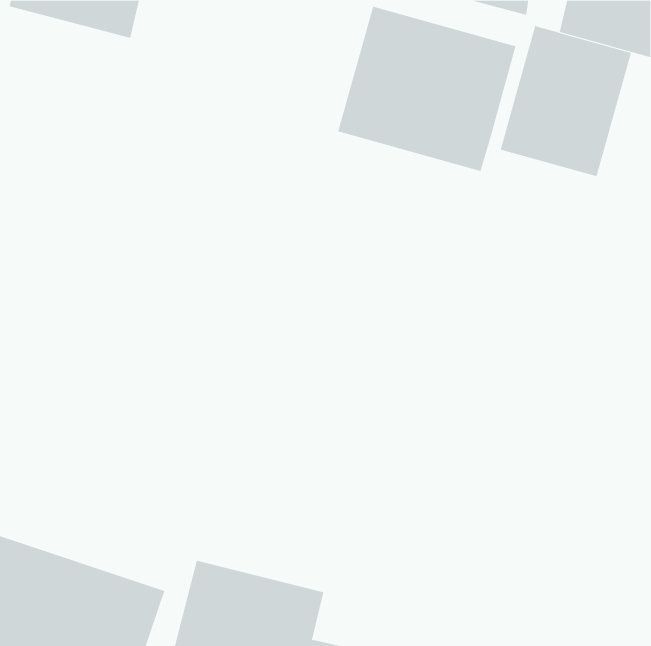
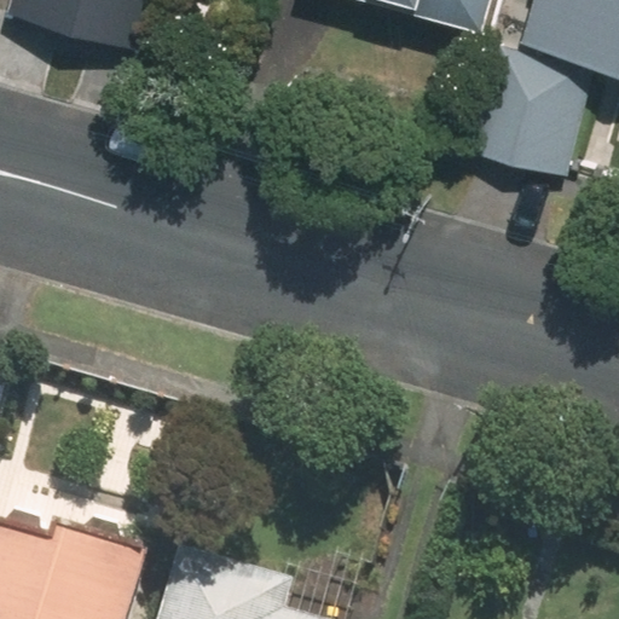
building: [338,6,516,172] -> none

